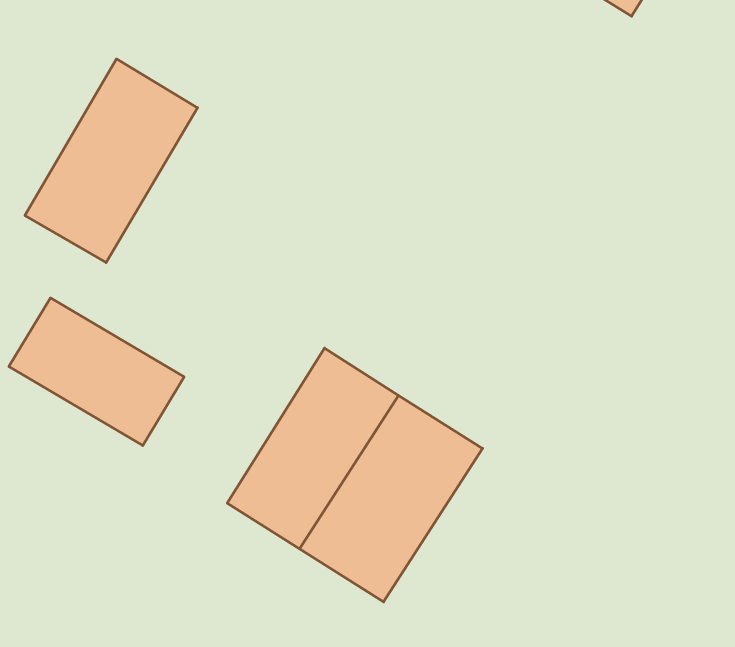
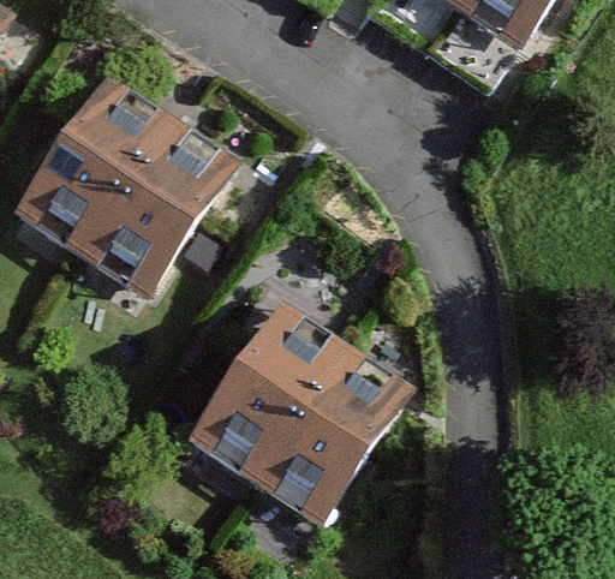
building: none -> [89,123,231,288]
building: [9,298,184,446] -> none

